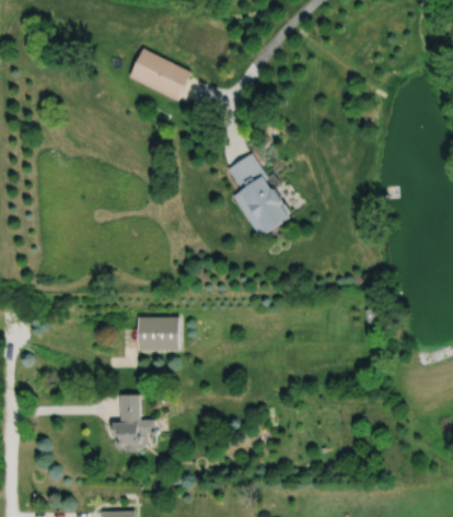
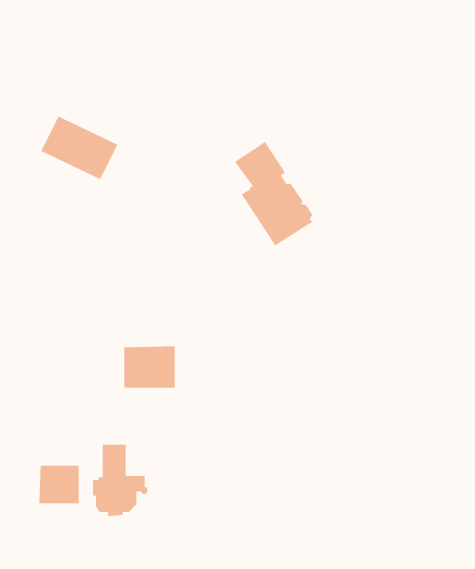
building: [128,48,190,99] -> [41,116,118,180]
building: none -> [39,465,79,504]

